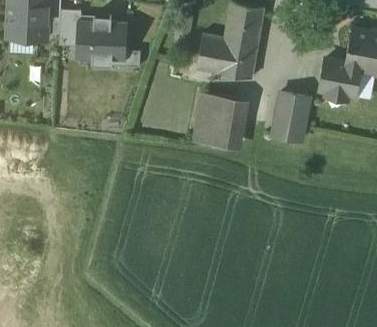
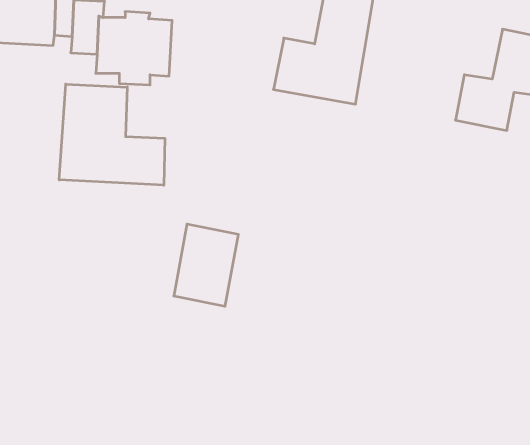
building: none -> [59,84,165,185]
building: [192,93,236,149] -> [174,224,238,306]
building: [272,93,309,142] -> none

